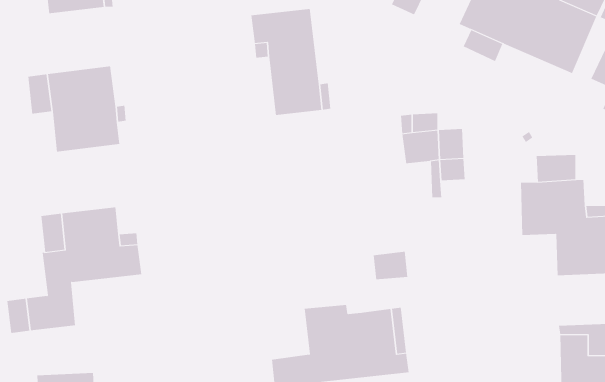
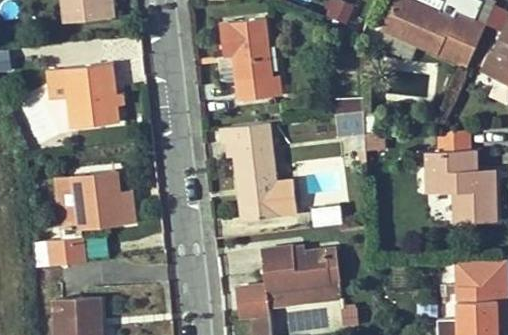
building: none -> [221,122,297,221]

